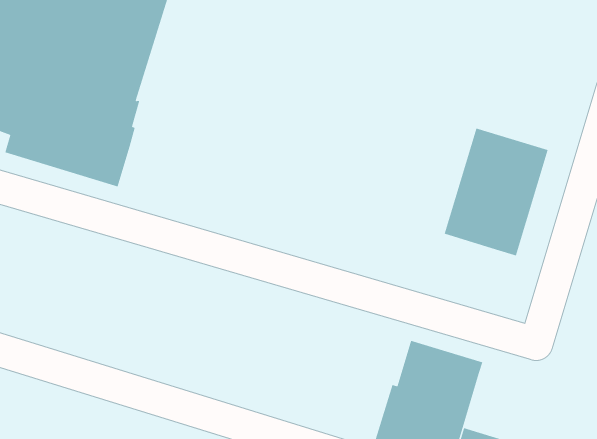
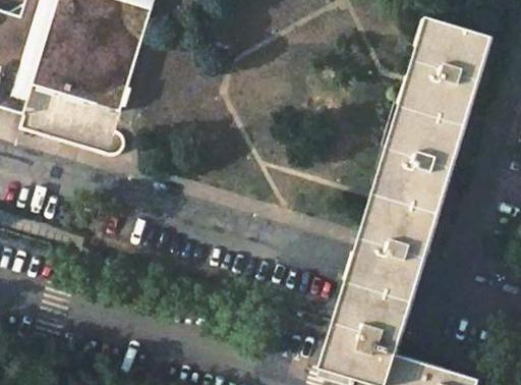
building: none -> [402,18,488,124]
building: none -> [348,194,436,299]

